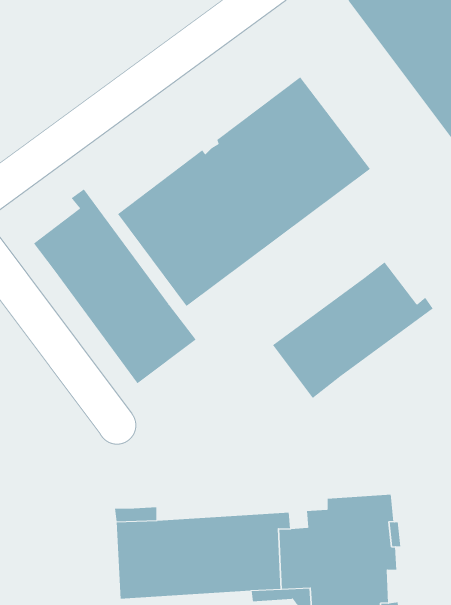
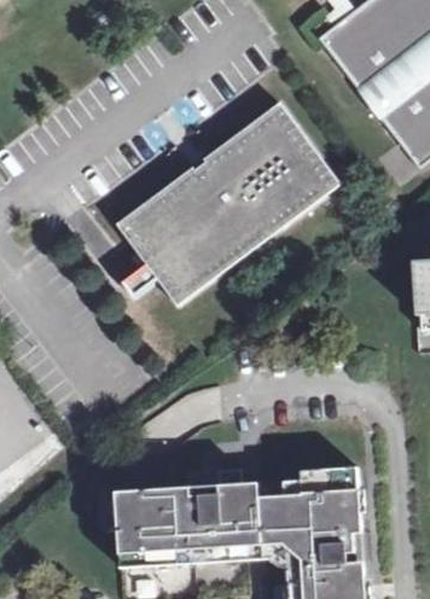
building: [33,189,197,384] -> none
building: [272,262,433,399] -> none

